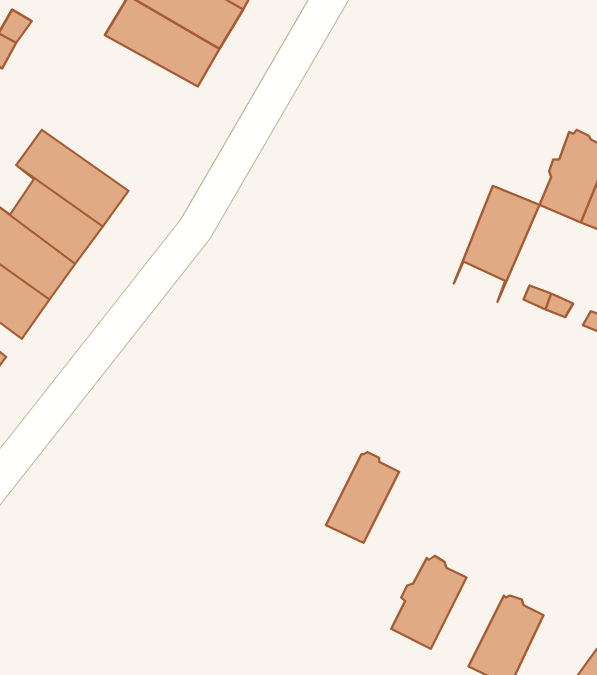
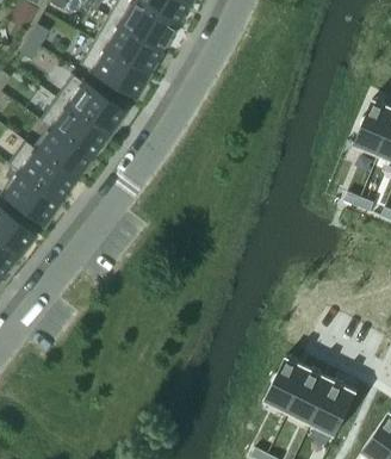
building: none -> [79,41,148,97]
building: none -> [54,74,123,135]
building: [454,186,539,302] -> none
building: [326,452,399,543] -> [288,367,333,422]

